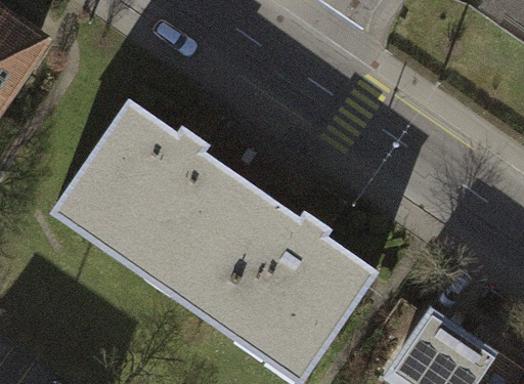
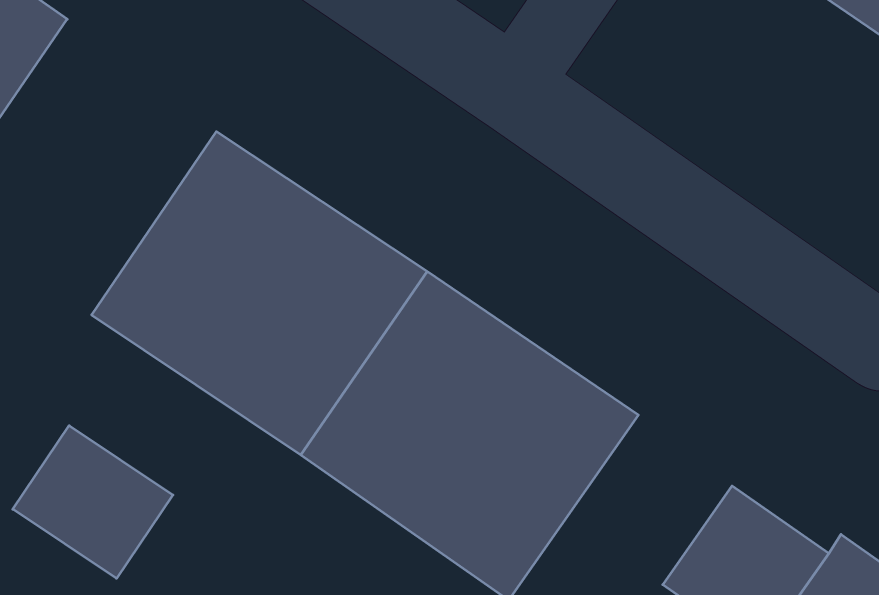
building: none -> [13,426,173,578]

